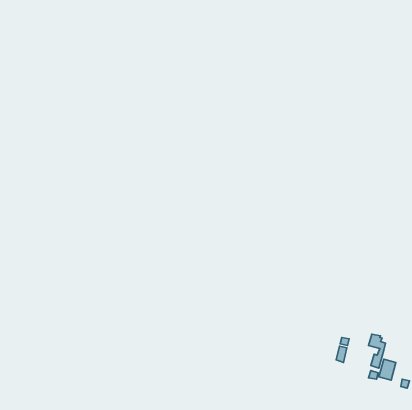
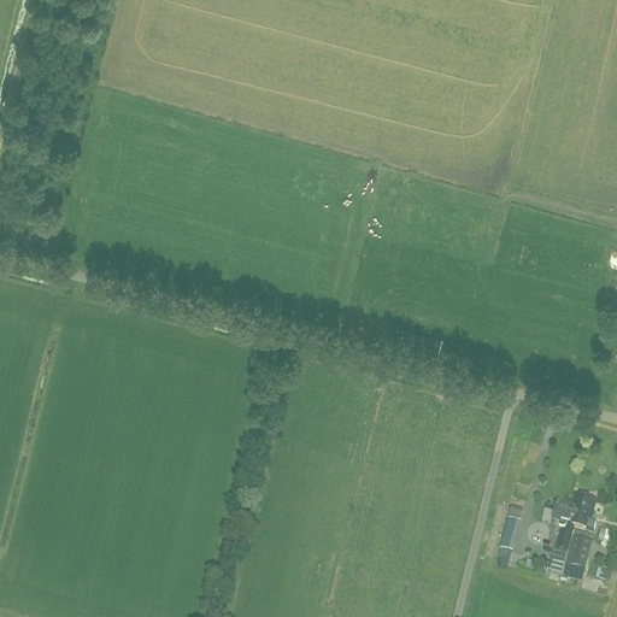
building: none -> [568,492,595,527]

